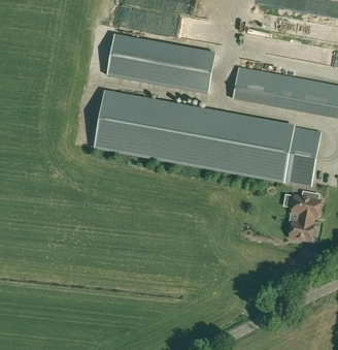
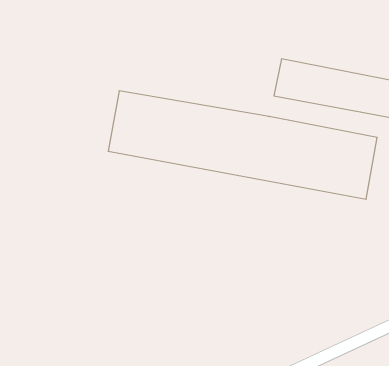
building: [107,34,214,93] -> none
building: [289,194,319,241] -> none

